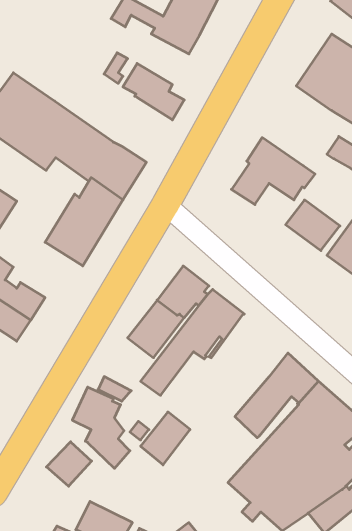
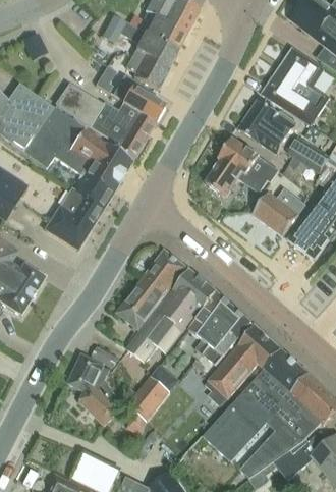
building: none -> [126,48,169,89]
building: none -> [56,84,155,159]
building: none -> [238,99,296,151]
building: none -> [188,290,250,364]
building: [46,442,92,486] -> none

